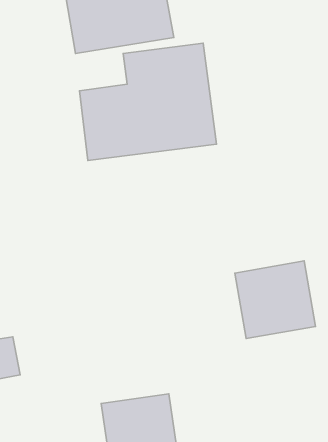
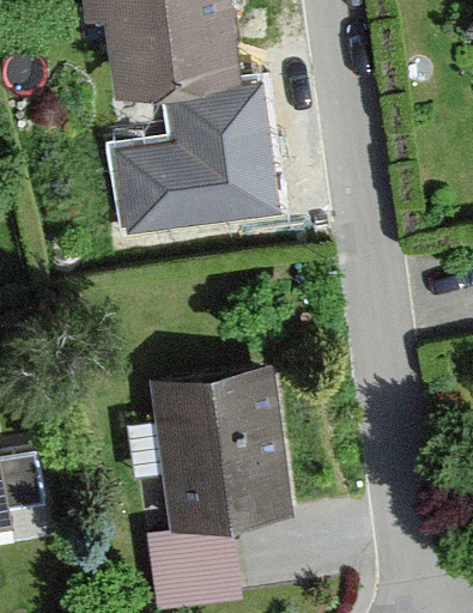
building: [235,261,316,339] -> none
building: none -> [148,365,290,528]

